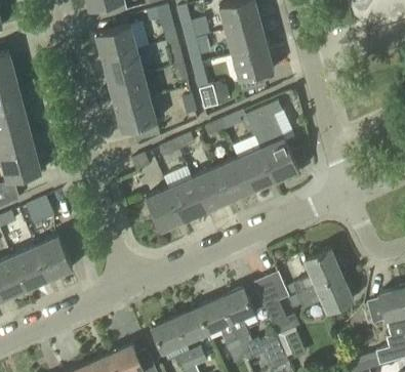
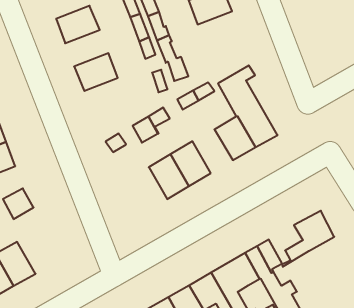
building: [232,47,273,81] -> none
building: [102,51,143,84] -> none
building: [115,99,156,133] -> none
building: [214,160,251,202] -> none
building: [146,190,184,233] -> none
building: [34,237,72,281] -> none
building: [288,277,353,314] -> none

